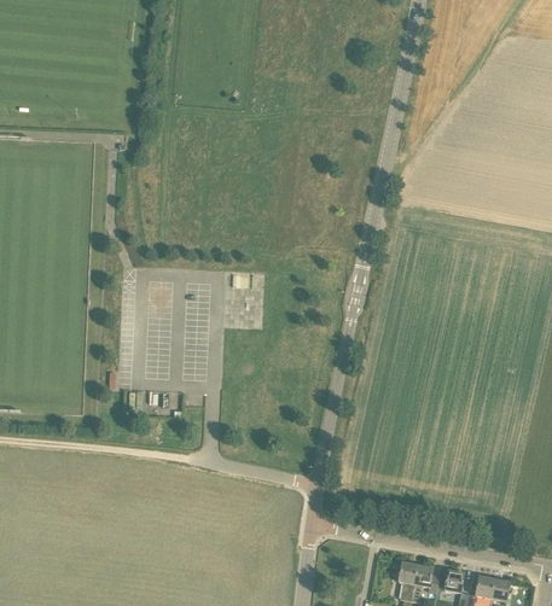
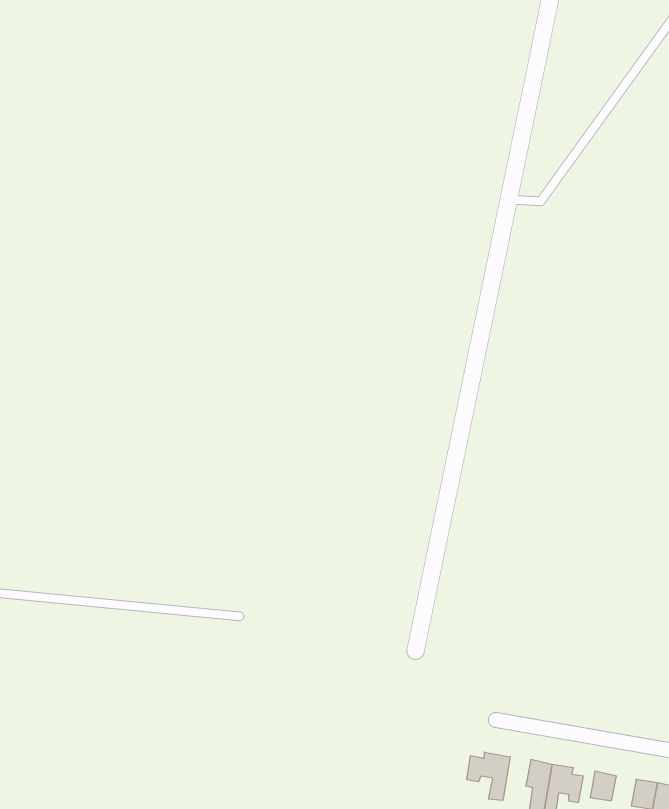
building: none -> [467,752,510,800]

